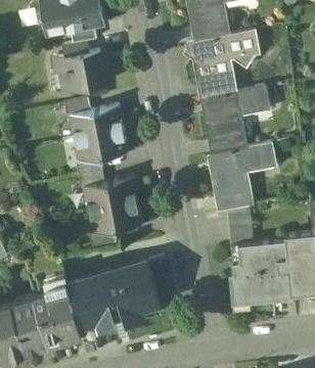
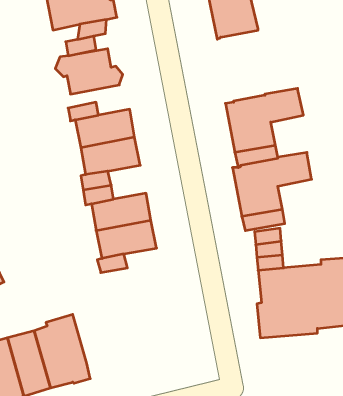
building: [193,30,259,99] -> none
building: [68,263,158,329] -> none

